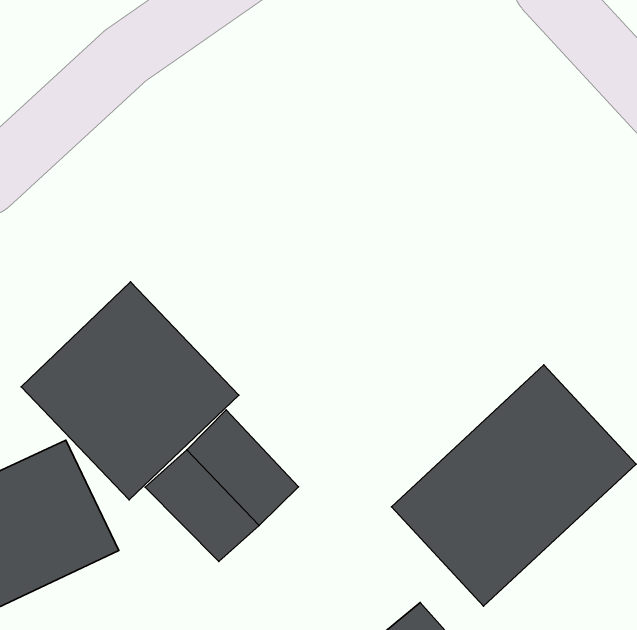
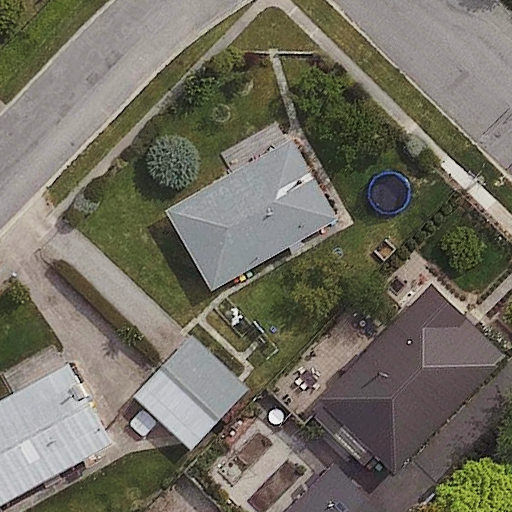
building: none -> [164,142,335,291]
building: [21,282,239,500] -> none

